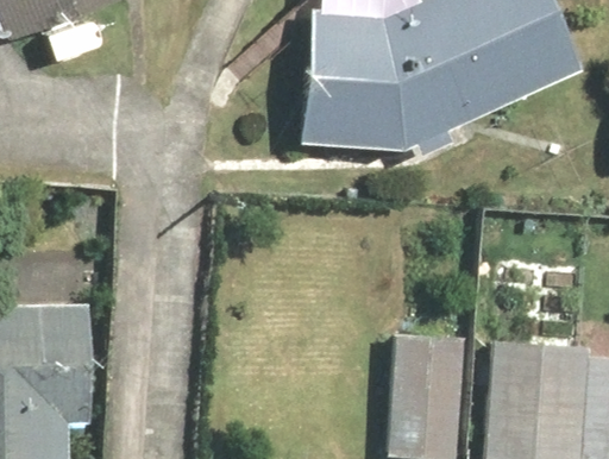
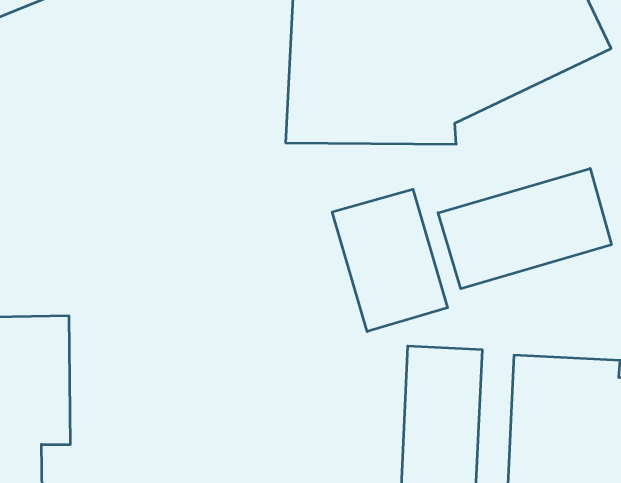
building: none -> [438,168,611,289]
building: none -> [332,189,448,332]

